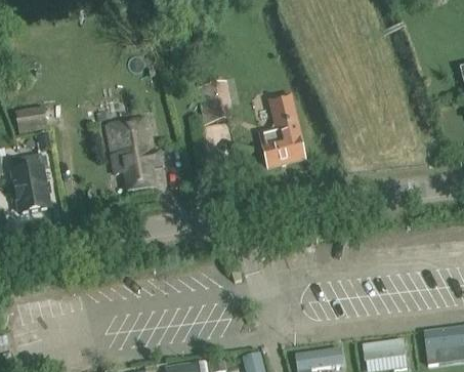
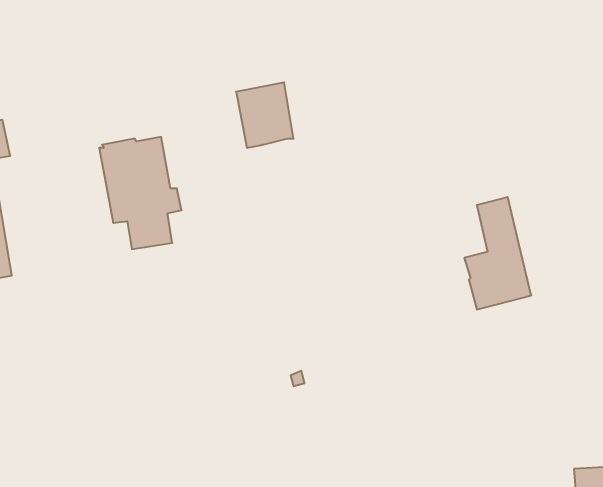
building: [263,92,307,166] -> [464,197,531,309]

